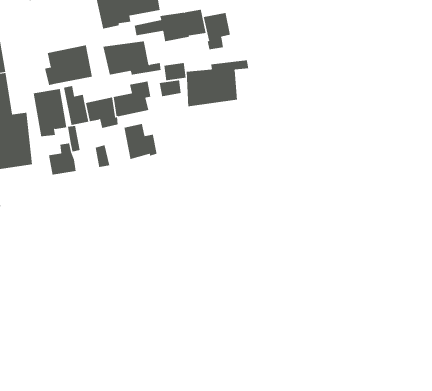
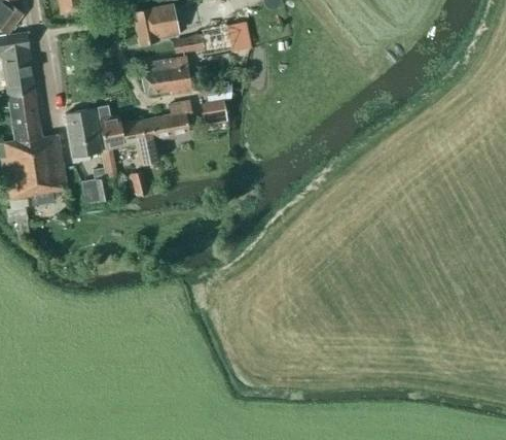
building: [203,12,230,50] -> none
building: [44,44,93,86] -> none
building: [186,59,249,107] -> none
building: [124,123,157,160] -> none

